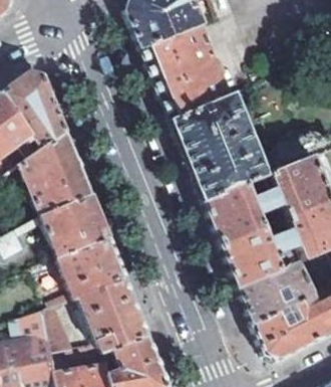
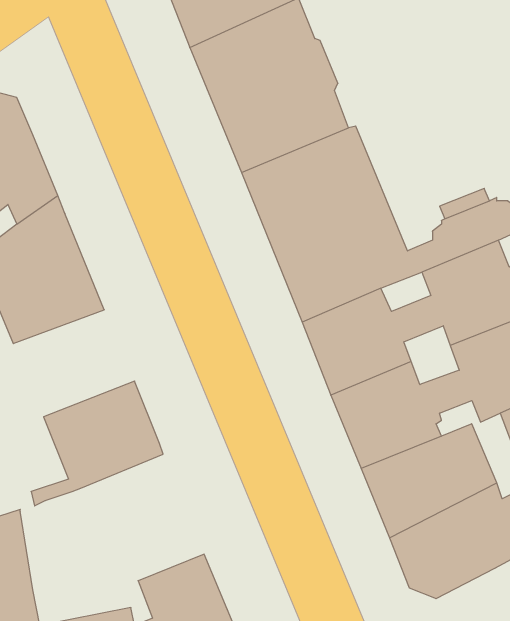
building: [41,194,109,254] -> none
building: [79,275,148,350] -> none
building: [45,302,77,352] -> none

